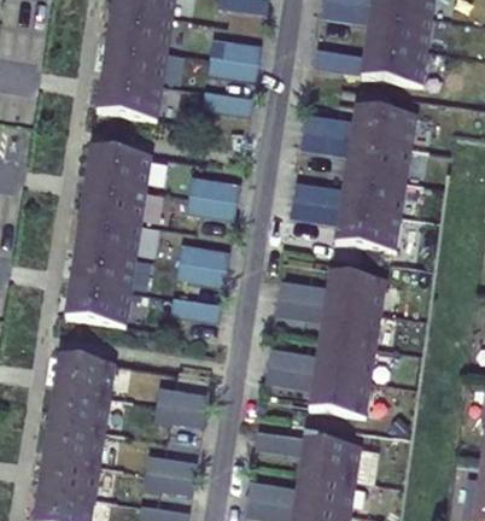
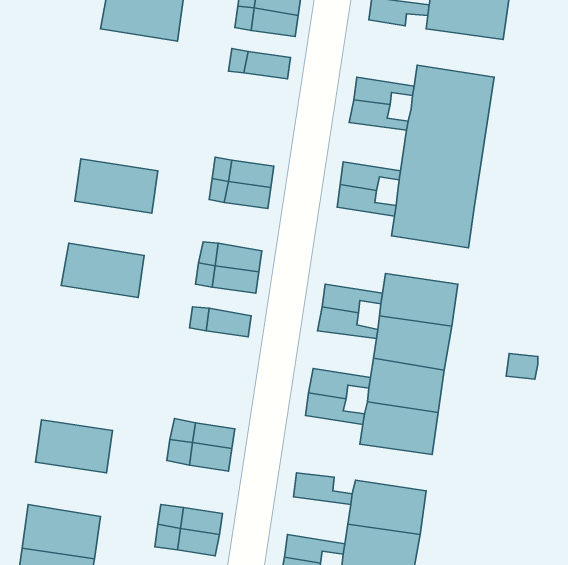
building: [95,76,162,119] -> none
building: [84,146,151,189] -> none
building: [75,213,141,257] -> none
building: [64,281,130,324] -> none
building: [53,355,116,397] -> none
building: [42,422,105,466] -> none

